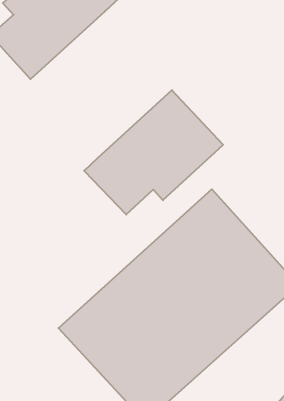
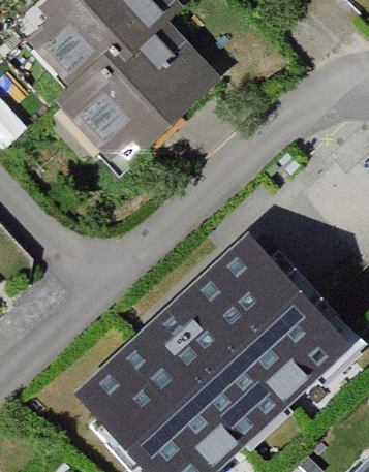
building: [84,90,223,215] -> [48,17,208,160]

